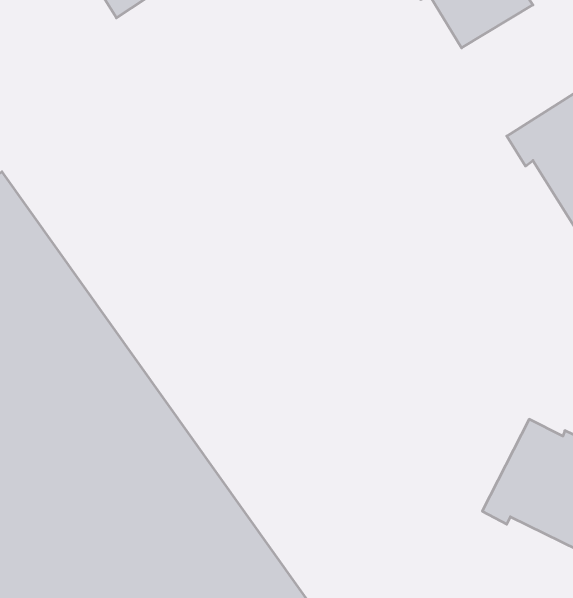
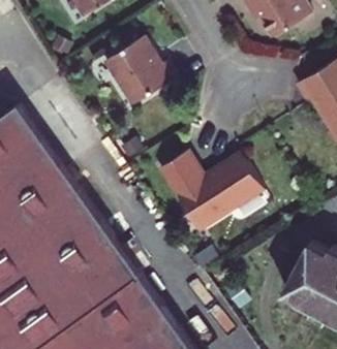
building: none -> [103,41,174,109]
building: none -> [158,155,263,232]

